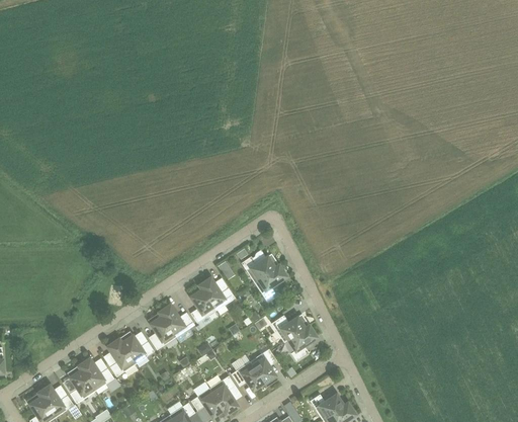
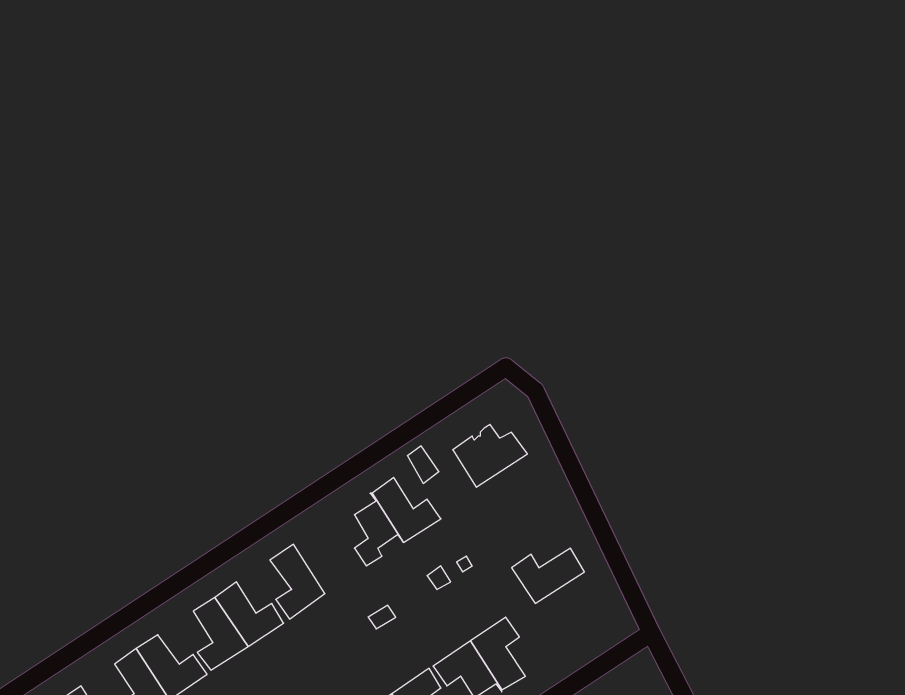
building: [253,264,286,300] -> none
building: [159,304,194,336] -> none
building: [283,325,317,360] -> none

